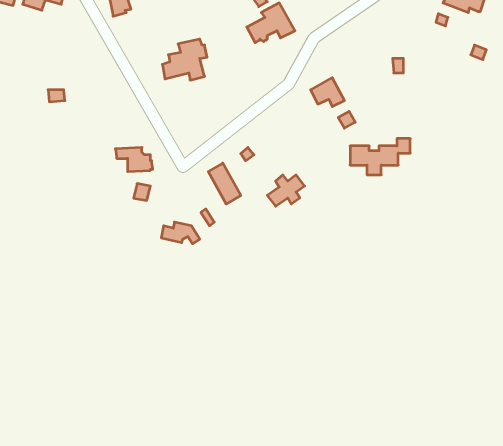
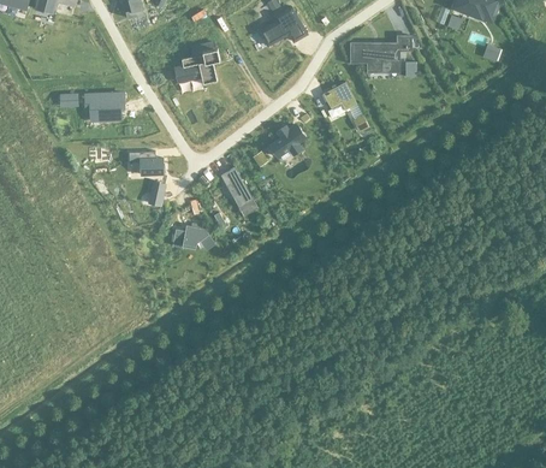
building: none -> [84,94,123,120]
building: [350,139,410,175] -> [350,36,410,72]
building: [267,175,305,206] -> [268,126,305,158]

